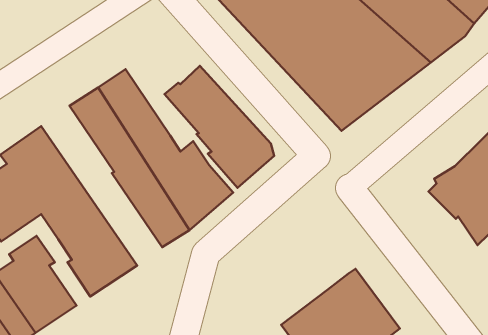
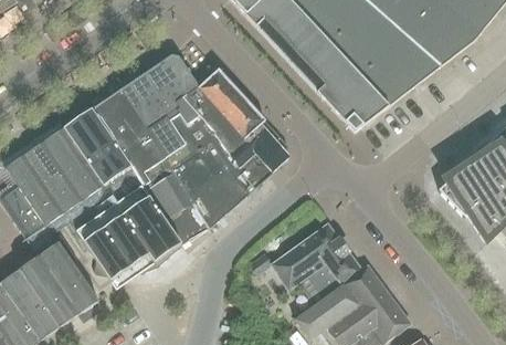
building: none -> [146,54,205,136]
building: none -> [64,107,181,262]
building: none -> [250,224,361,305]

